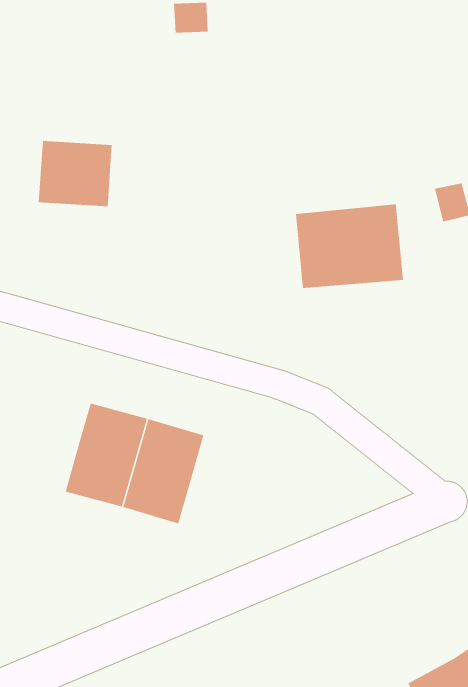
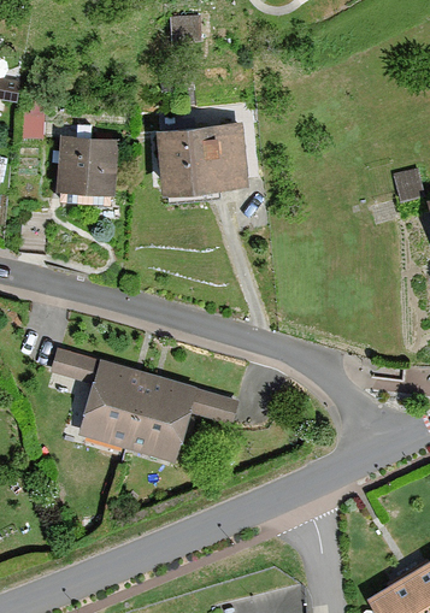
building: [295,204,404,288] -> [157,120,249,193]
building: none -> [51,347,100,385]
building: none -> [190,388,240,426]

